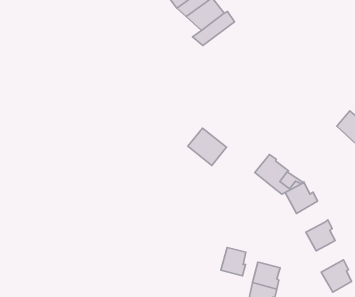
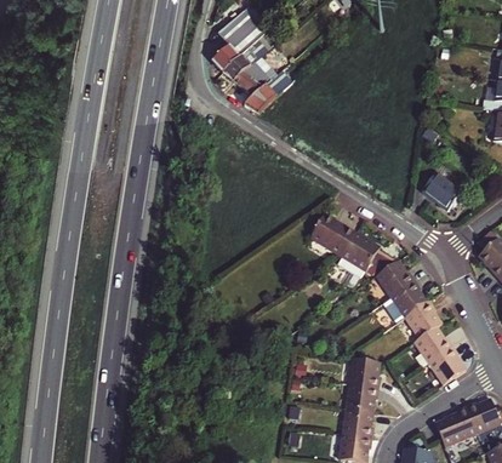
building: [188,128,226,166] -> [306,212,350,255]
building: none -> [381,280,424,322]
building: none -> [412,327,450,362]
building: [221,247,246,276] -> none

